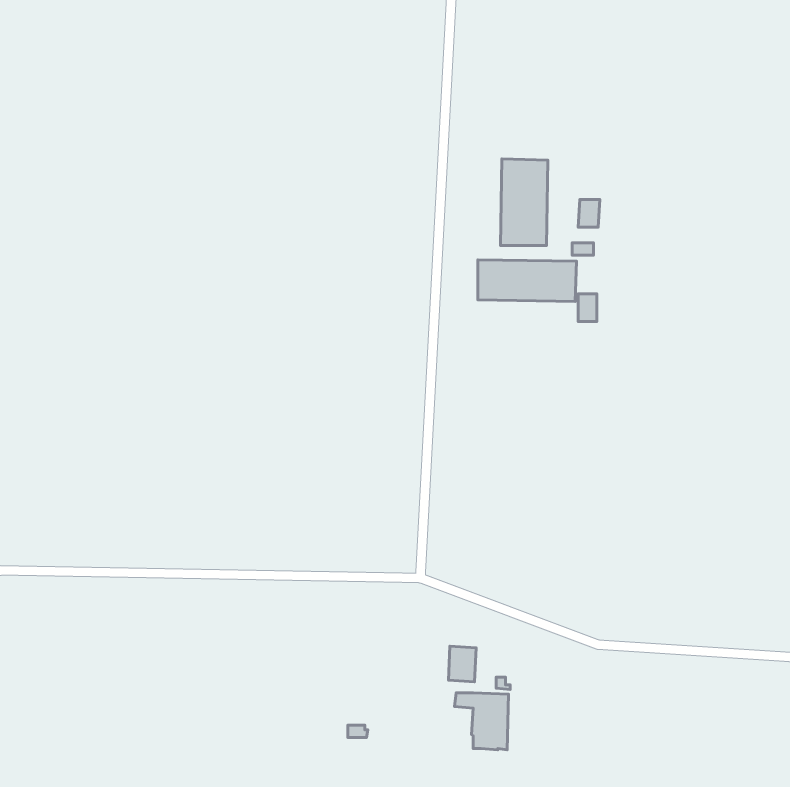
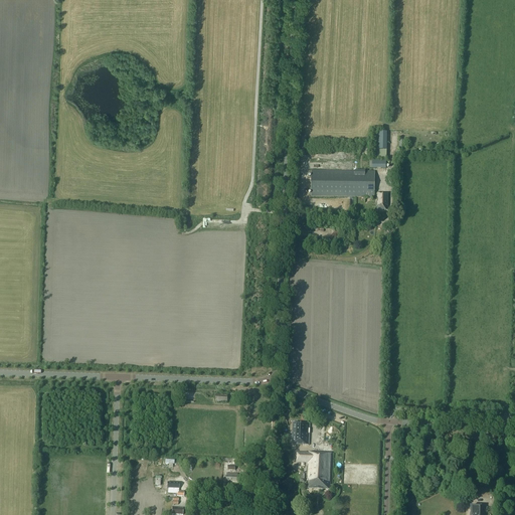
building: [500,159,548,246] -> none

